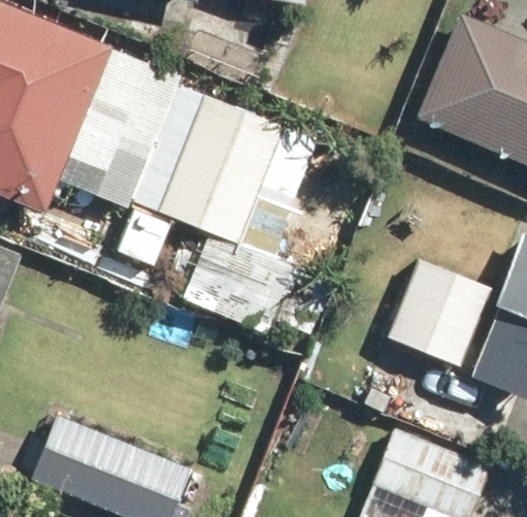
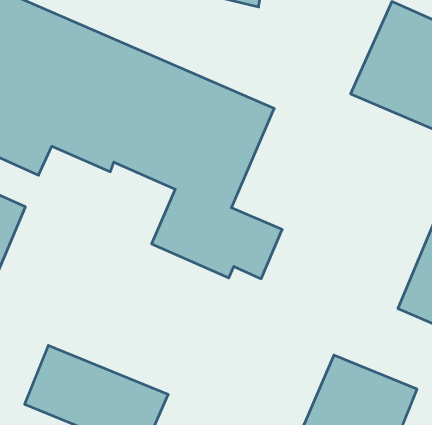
building: [389,260,494,367] -> none

